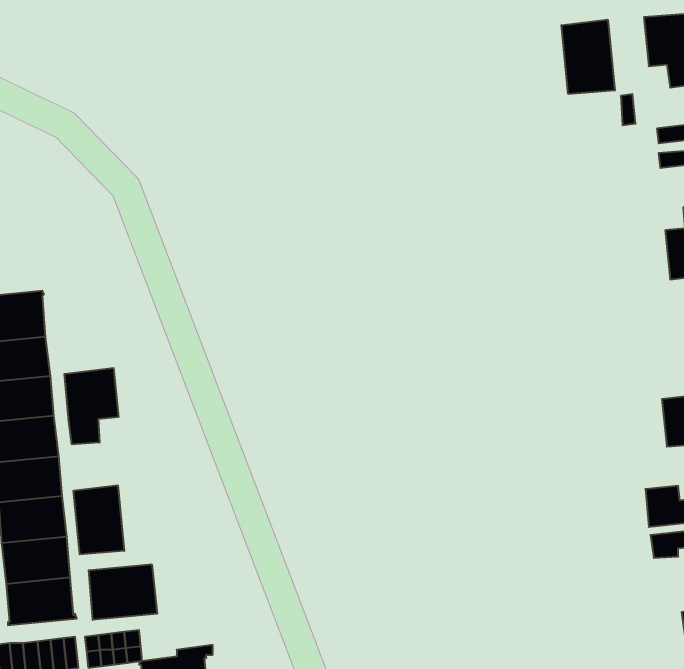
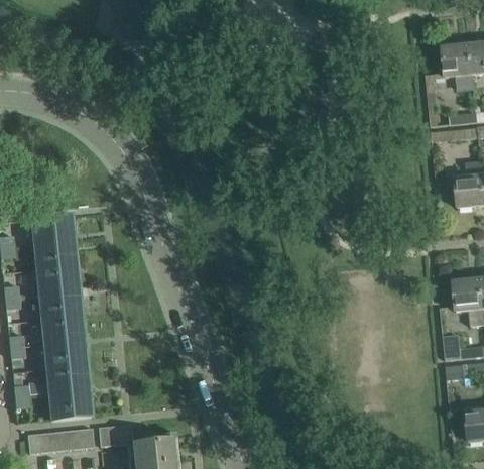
building: [562,20,615,94] -> none
building: [64,368,118,444] -> none
building: [74,485,124,554] -> none
building: [89,564,157,620] -> none

